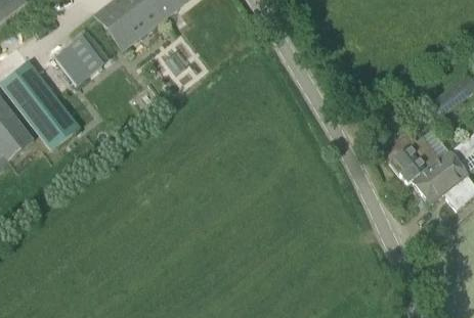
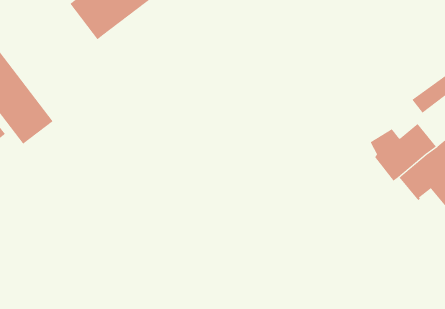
building: [54,33,107,84] -> none

